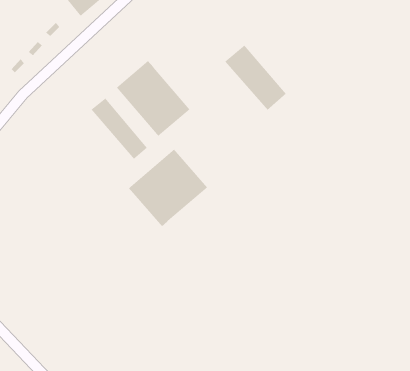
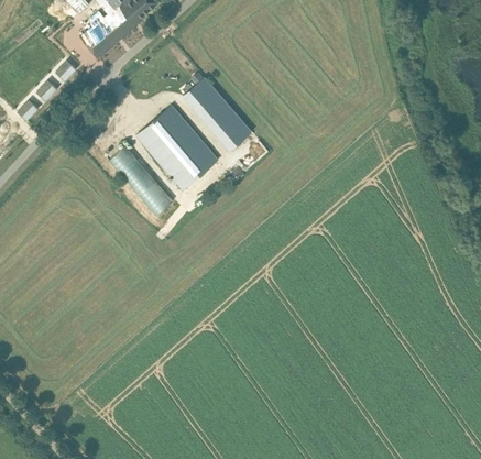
building: [224,44,287,111] -> [183,77,251,150]
building: [128,149,208,227] -> none

